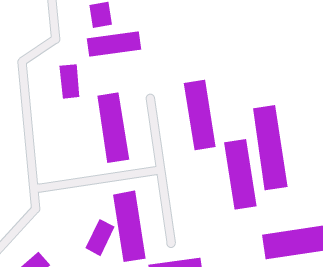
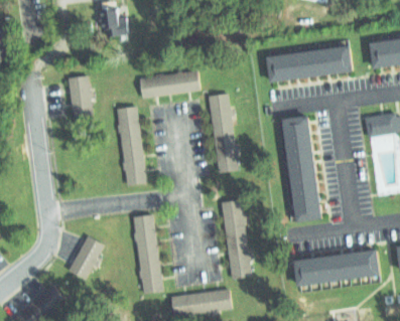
building: [86,31,142,57] -> [134,69,196,99]
building: none -> [265,44,350,85]
building: [223,138,258,210] -> [217,199,255,279]
building: [84,218,115,257] -> [68,238,102,282]

